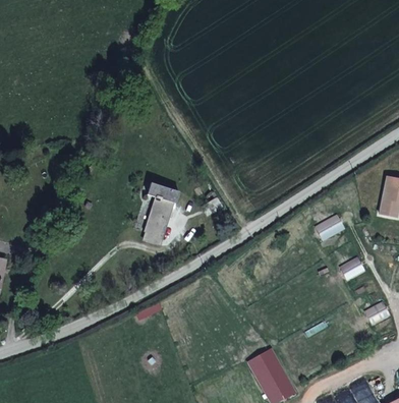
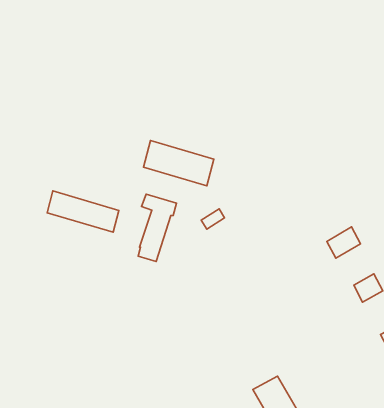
building: none -> [144,141,214,186]
building: none -> [47,191,119,232]

